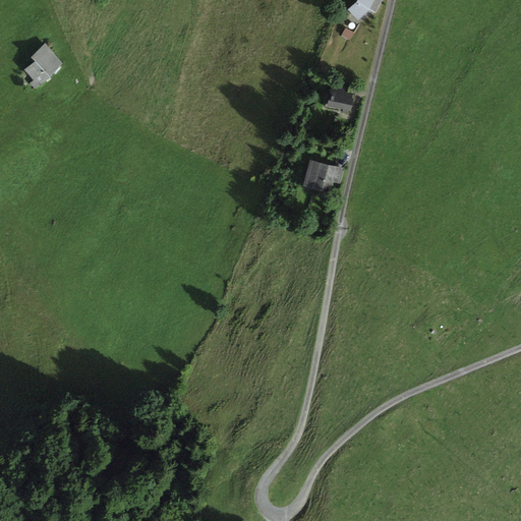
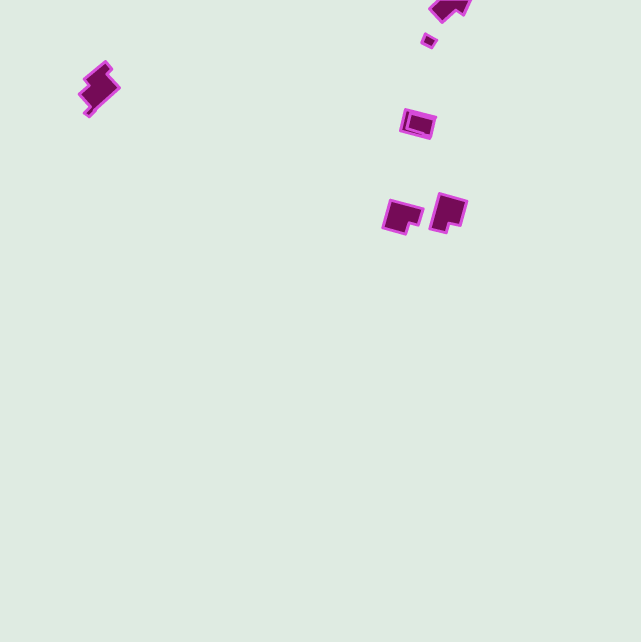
building: [27,43,60,88] -> [79,61,119,117]
building: none -> [430,194,467,233]

